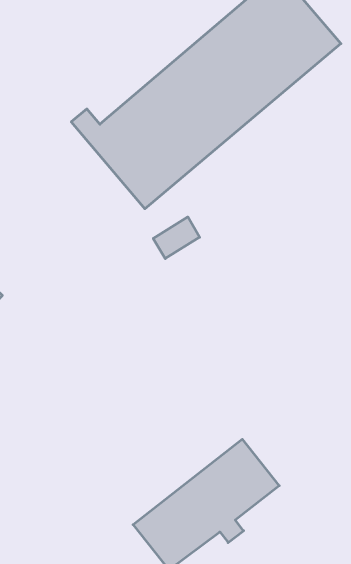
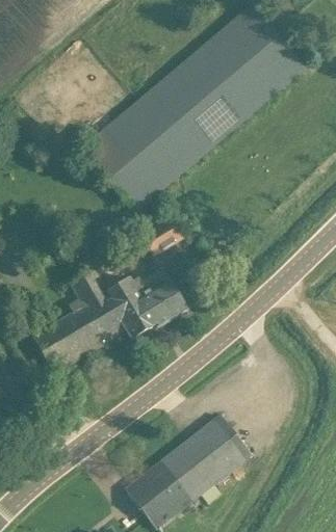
building: none -> [31,266,186,372]

